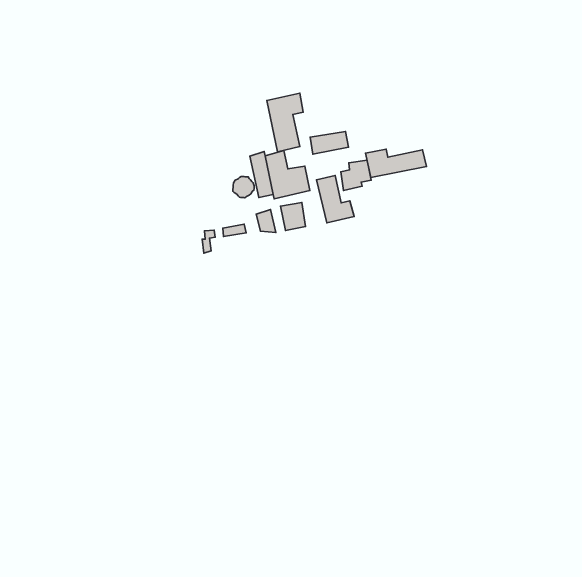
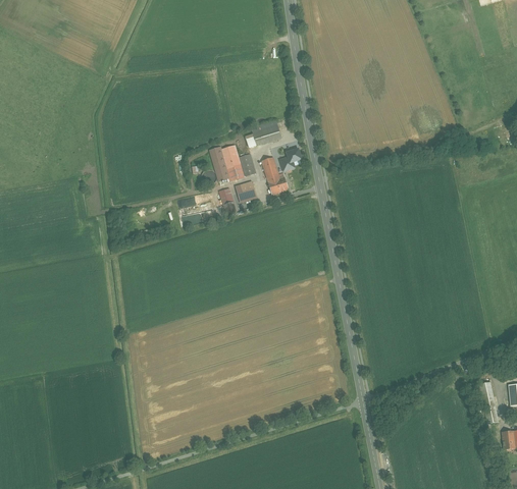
building: [267,93,303,152] -> none
building: [366,149,426,177] -> none

